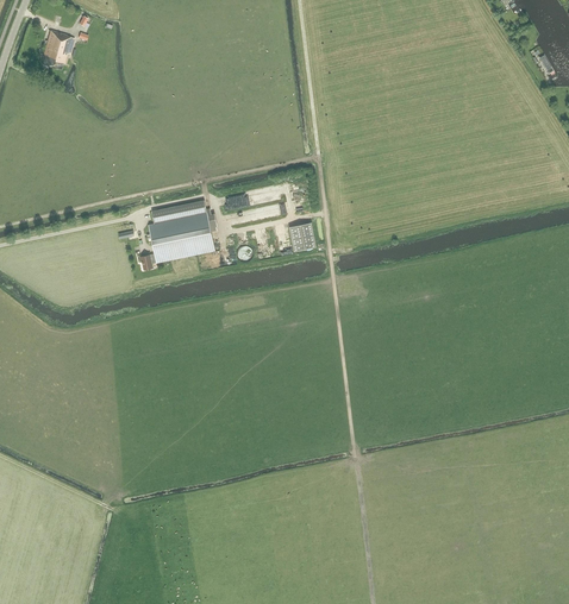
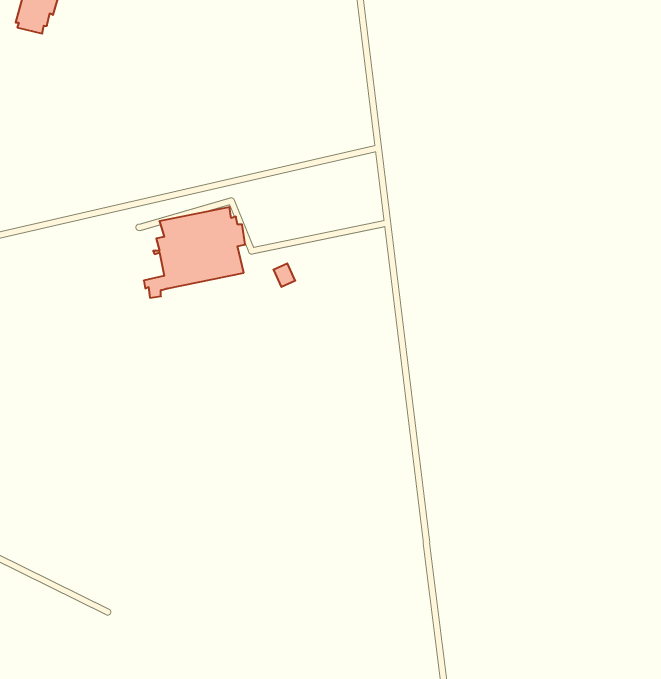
building: [288,222,315,251] -> none

